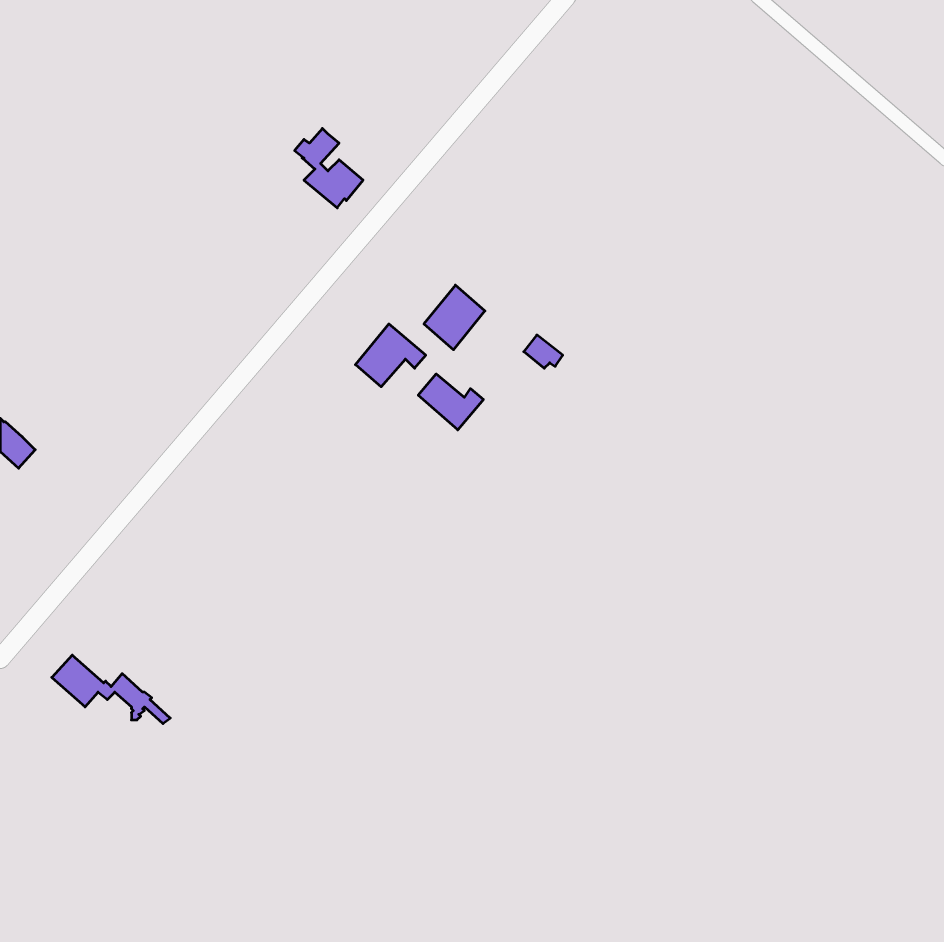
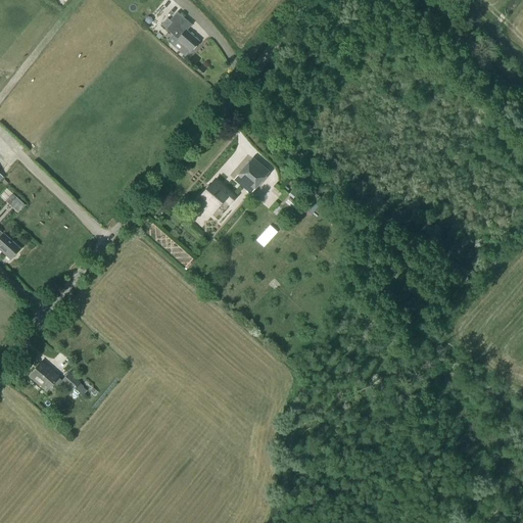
building: [295,128,363,208] -> [162,11,200,55]
building: [418,374,483,430] -> none

